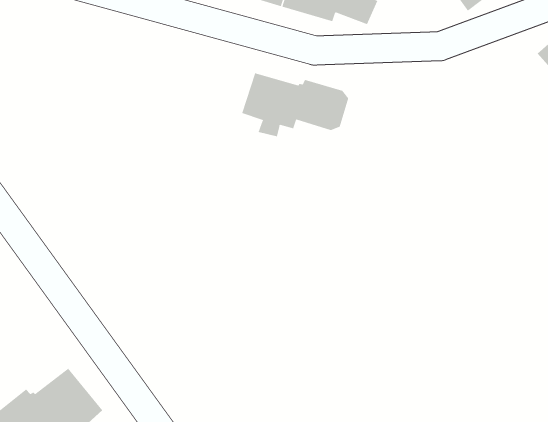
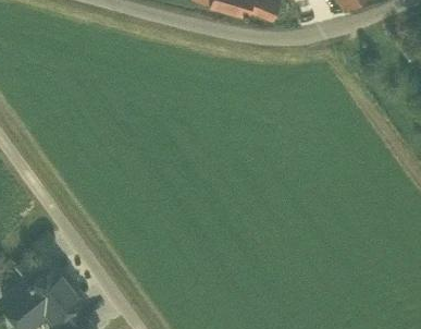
building: [242,72,349,137] -> none

